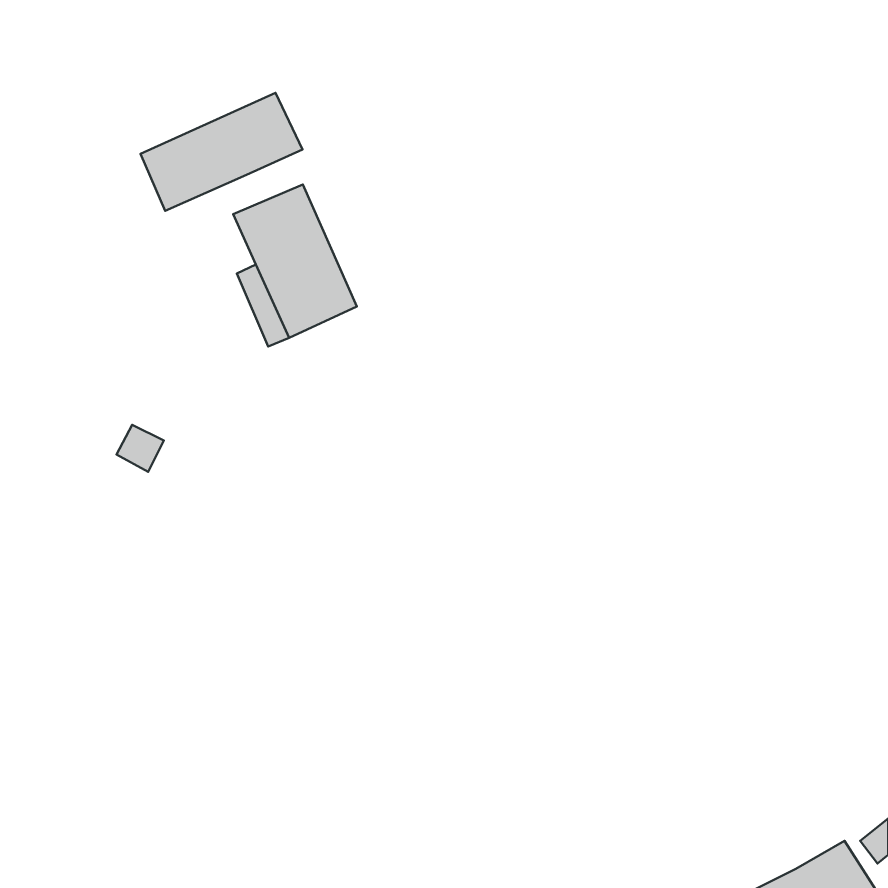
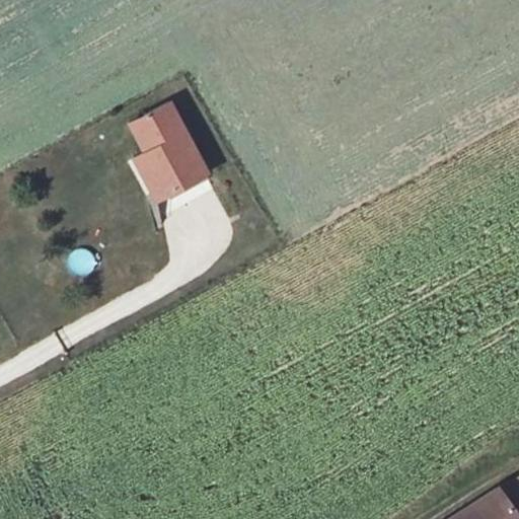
building: [141,93,303,211] -> none

